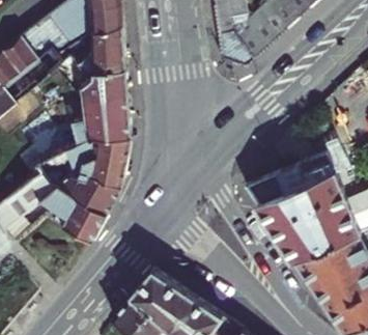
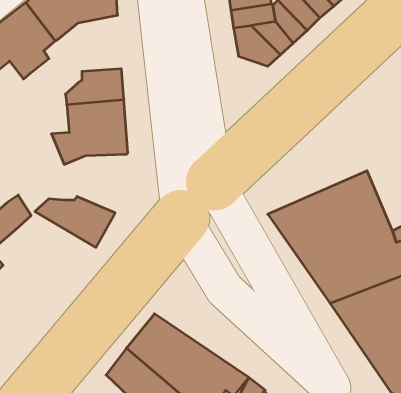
building: [62,26,125,81] -> none
building: [37,139,130,187] -> none
building: [39,186,105,240] -> none

